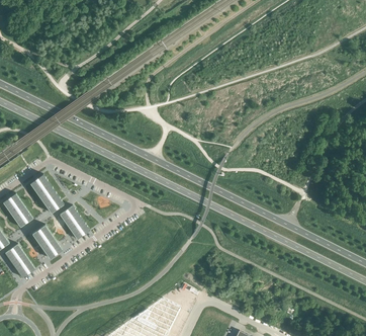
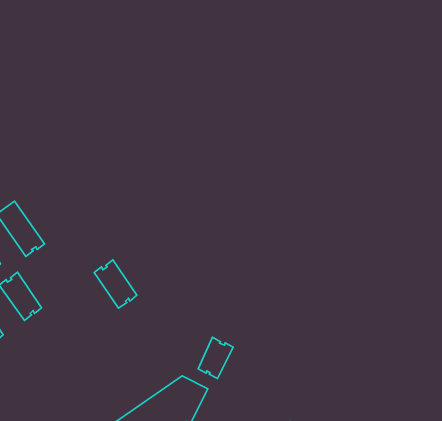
building: [59,205,89,240] -> [94,260,137,308]
building: none -> [198,337,233,379]

